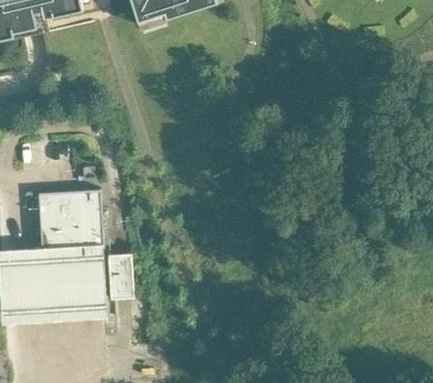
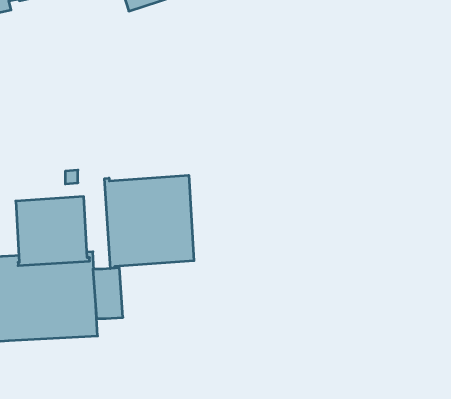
building: none -> [105,175,194,269]

